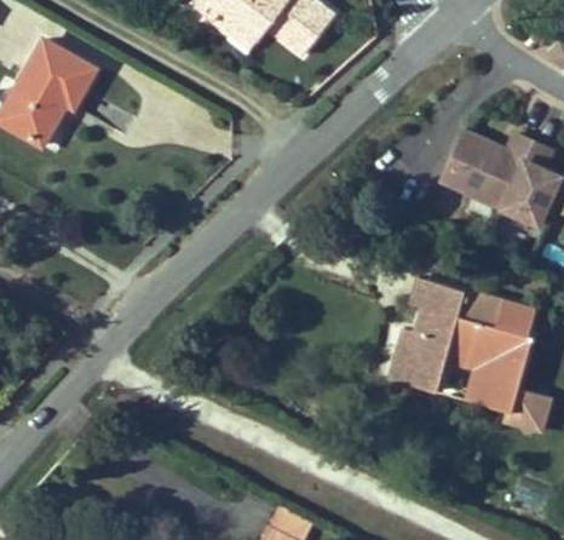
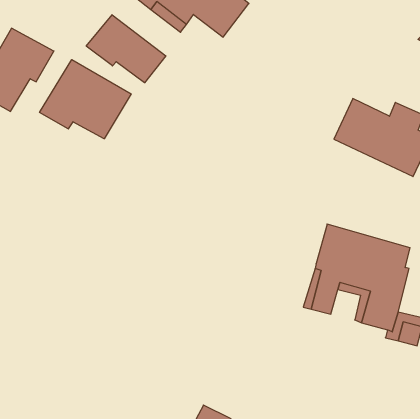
building: none -> [86,15,166,83]
building: none -> [40,60,131,139]

